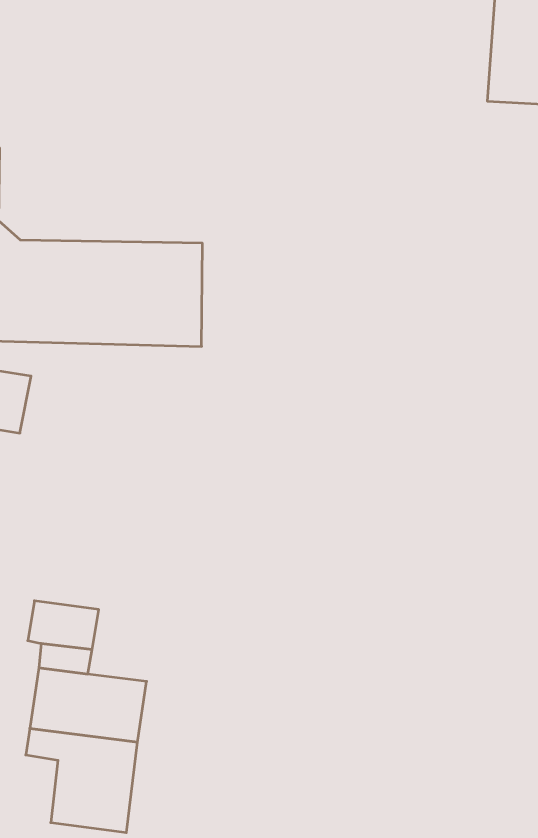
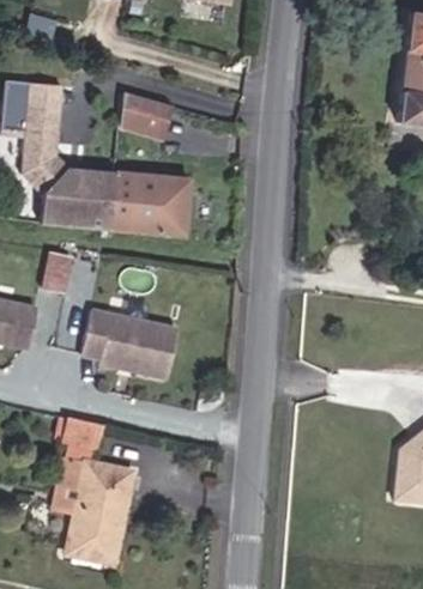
building: none -> [114,85,165,129]
building: none -> [84,306,182,384]

